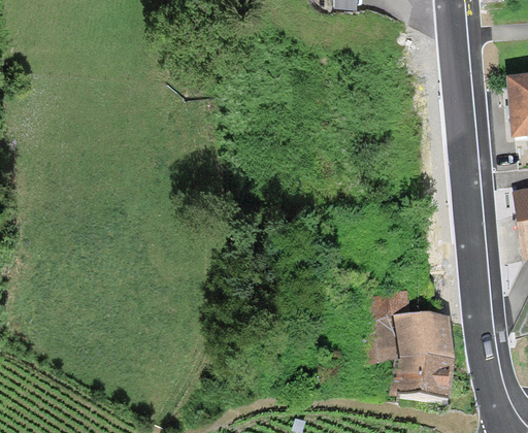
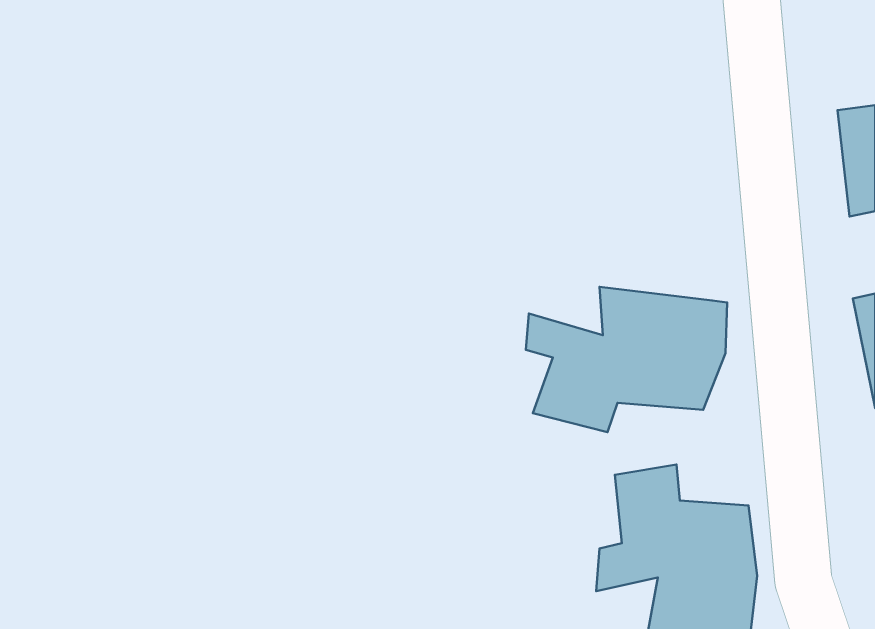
building: none -> [526,287,727,432]

